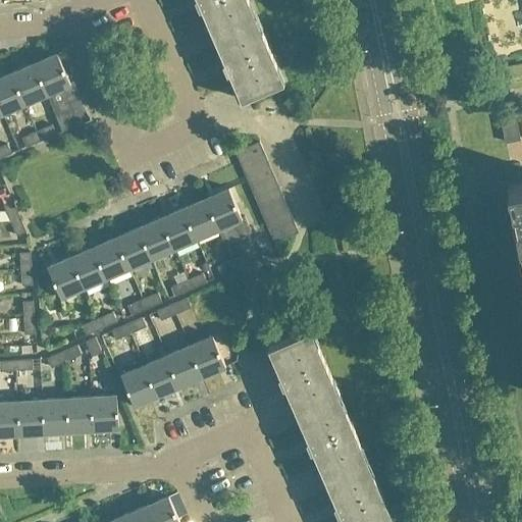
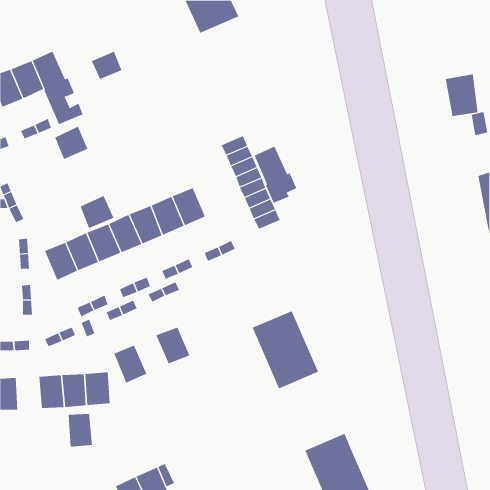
building: [212,18,282,103] -> none
building: none -> [91,51,122,80]
building: none -> [445,73,478,117]
building: none -> [55,126,88,160]
building: [205,190,251,251] -> [254,146,297,203]
building: none -> [80,195,114,229]
building: [189,337,224,378] -> none
building: [143,357,178,398] -> none
building: [296,396,366,479] -> none
building: [17,401,44,436] -> [68,413,93,447]

